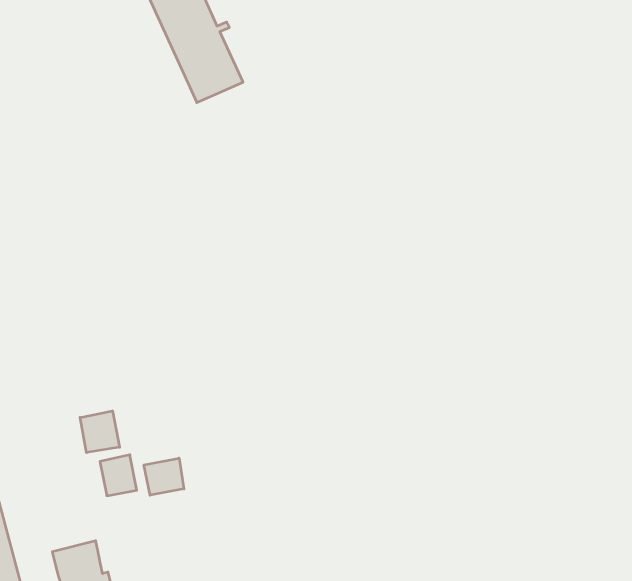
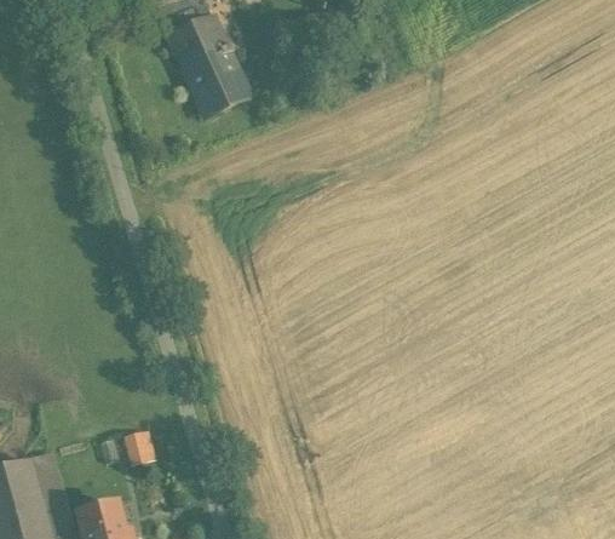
building: [80,411,120,453] -> none
building: [144,458,184,495] -> none

